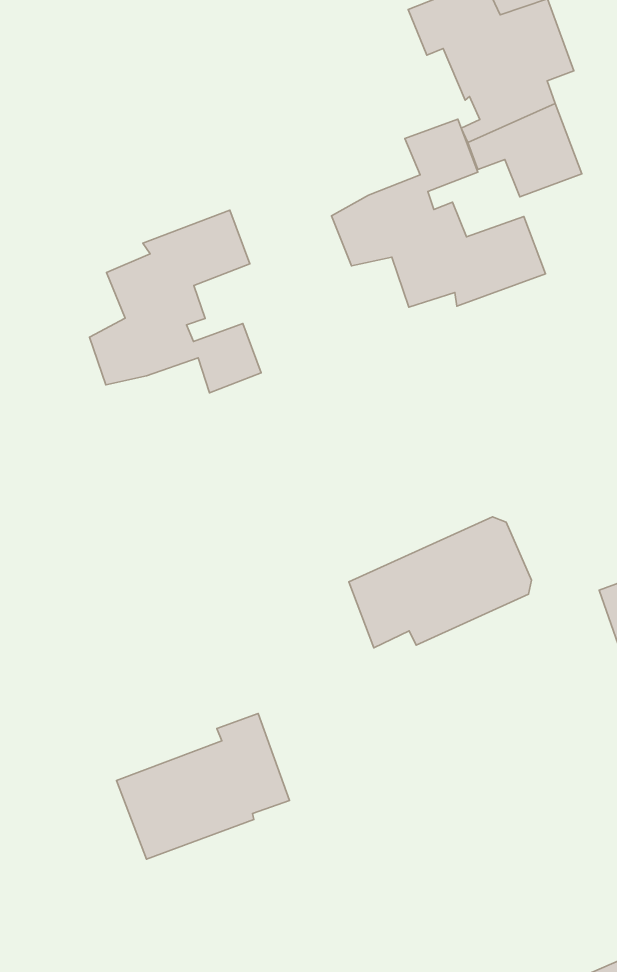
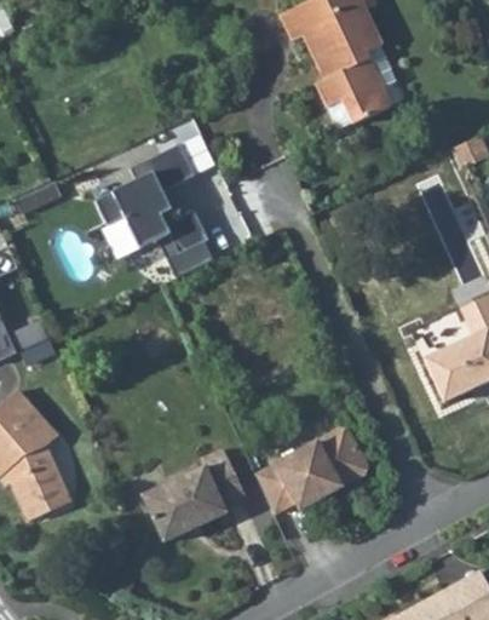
building: [331,119,546,307] -> none
building: [349,517,532,648] -> [255,429,366,513]

